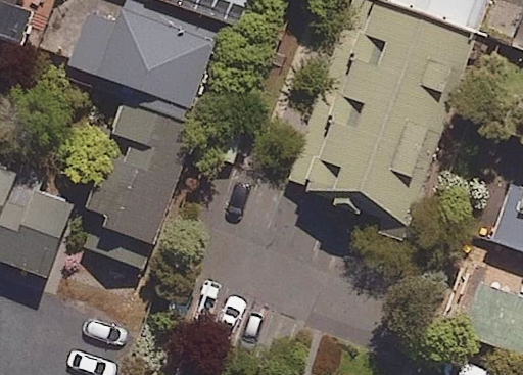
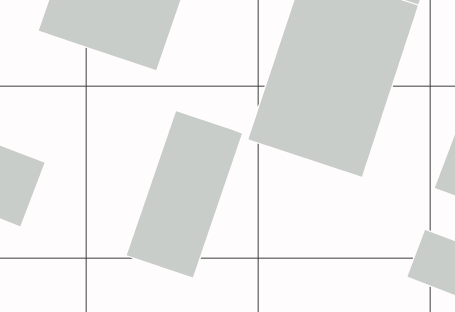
building: [77,87,202,267] -> [126,111,243,278]

